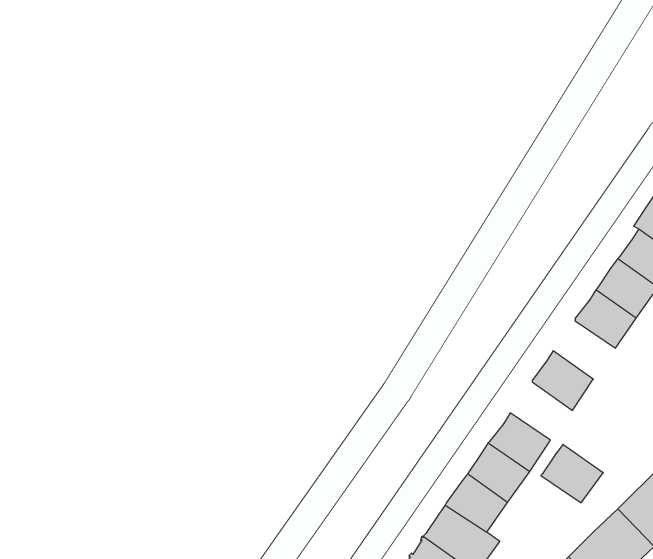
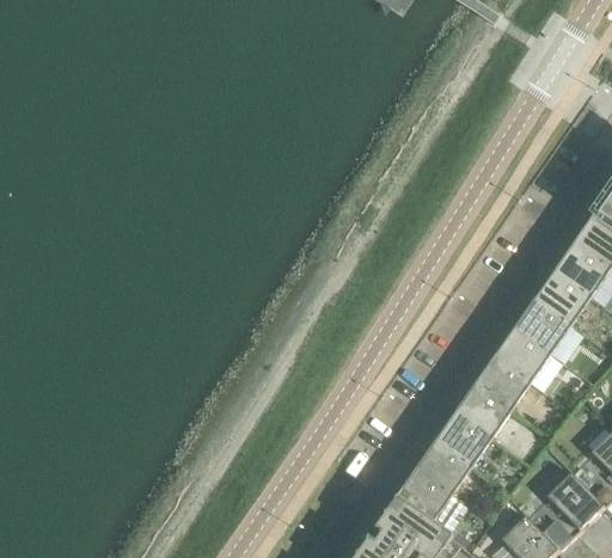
building: none -> [512,301,569,355]
building: [541,444,603,503] -> [472,357,530,411]

